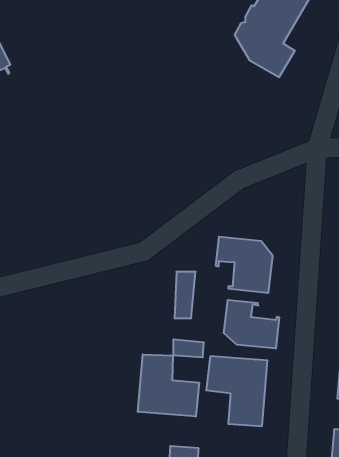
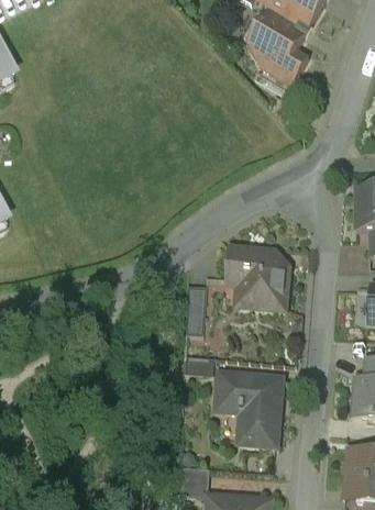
building: [224,300,279,349] -> none
building: [138,354,199,417] -> none

